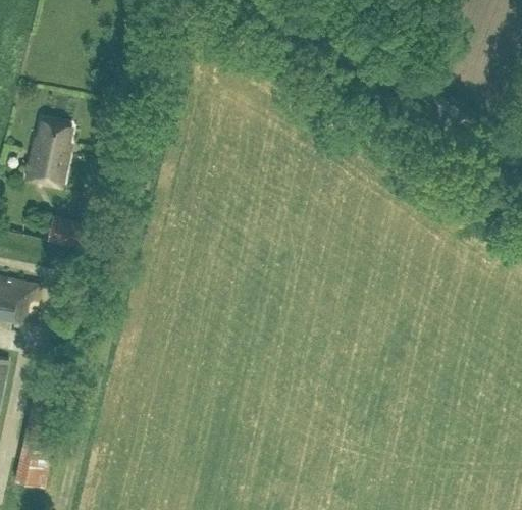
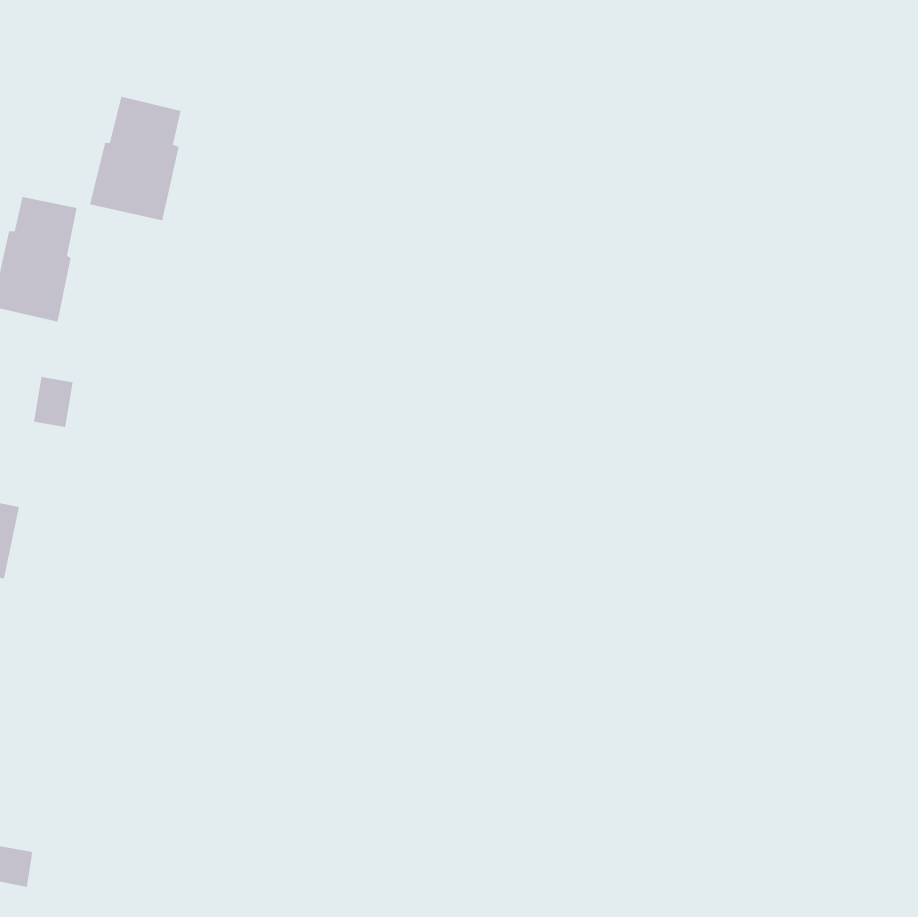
building: none -> [89,96,181,221]

